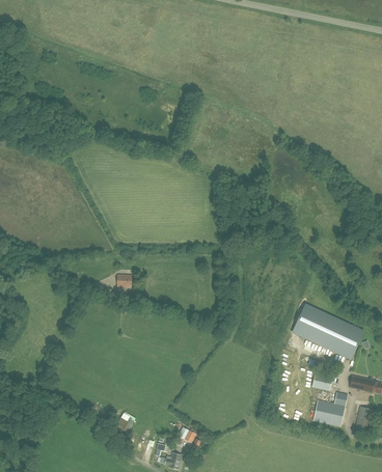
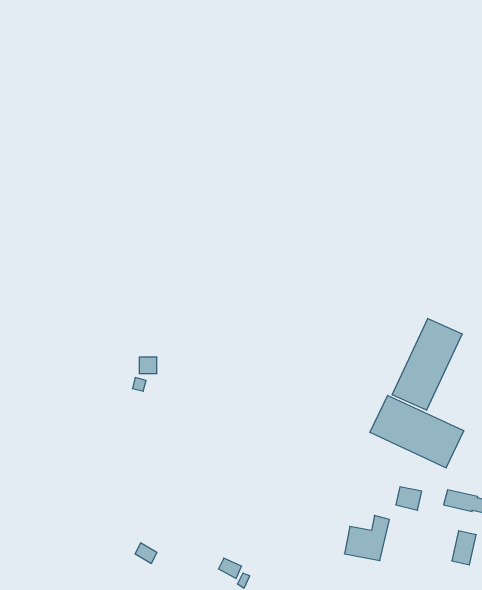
building: none -> [392,318,462,410]
building: [312,392,347,426] -> [344,515,389,561]

